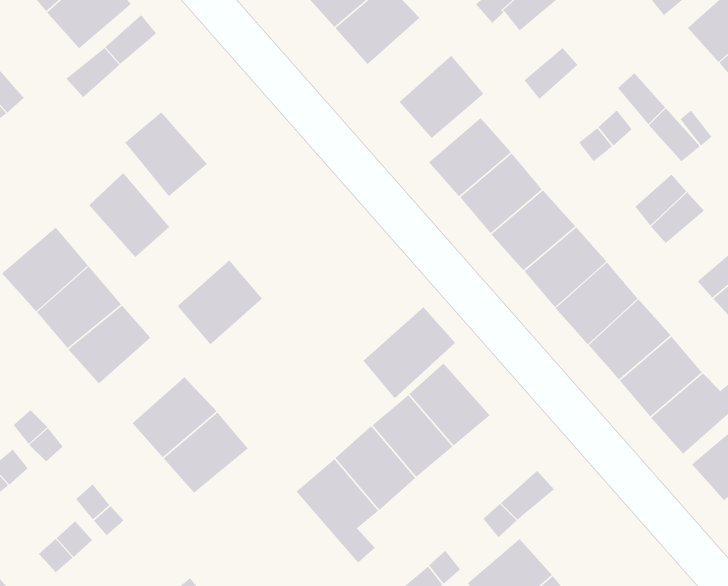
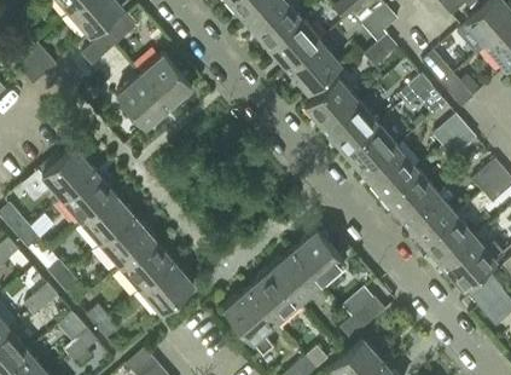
building: none -> [267,17,319,69]
building: [88,172,170,258] -> [139,54,190,108]
building: [177,260,263,345] -> [100,215,153,269]
building: [363,306,456,399] -> none

